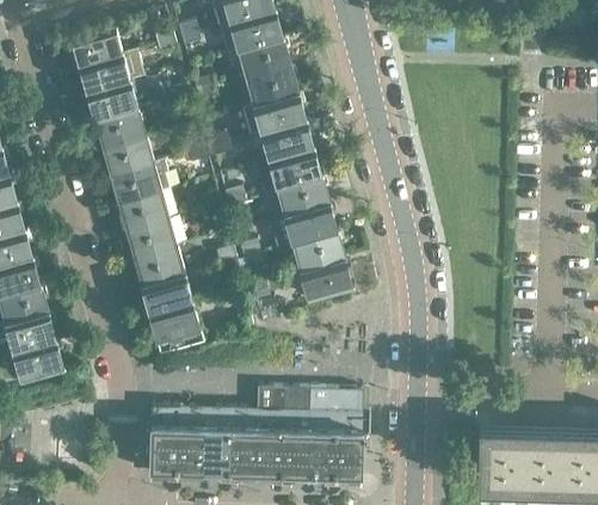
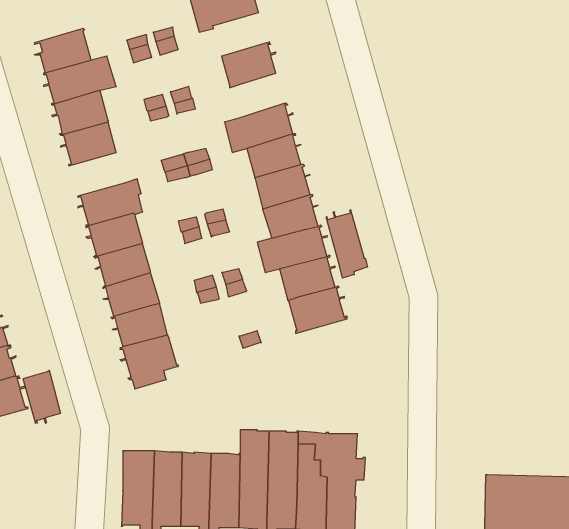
building: [221,14,282,58] -> none
building: [248,69,297,111] -> none
building: [103,142,154,181] -> none
building: none -> [326,210,368,278]
building: none -> [23,370,61,423]

